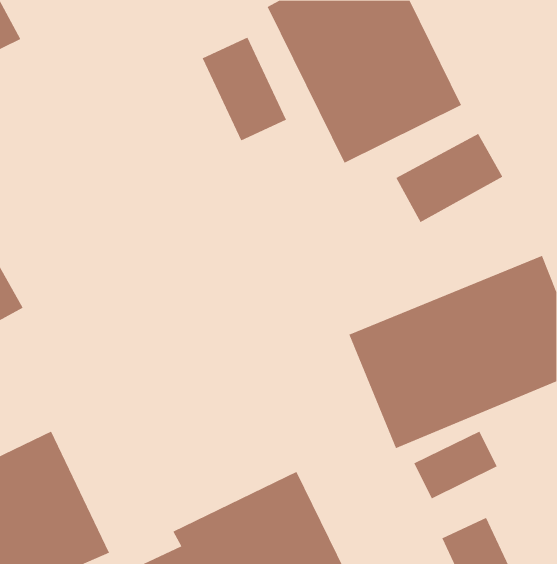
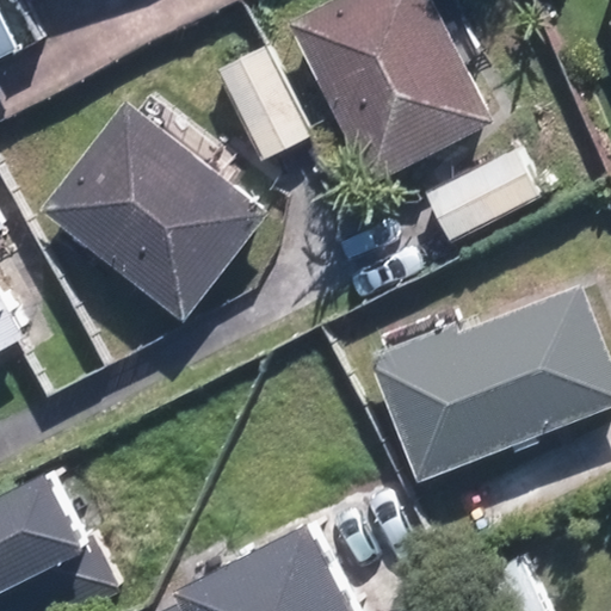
building: none -> [39,99,271,322]

